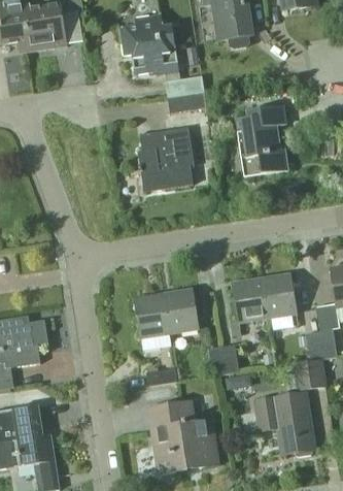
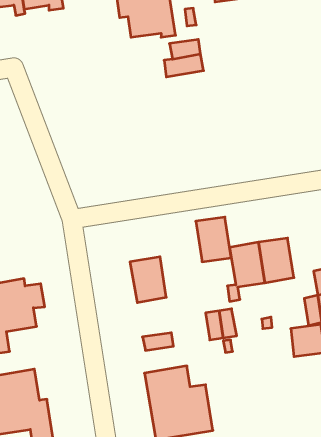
building: [235,106,287,175] -> none
building: [137,127,194,191] -> none
building: [163,288,198,332] -> [196,217,231,262]
building: [252,392,315,454] -> none

